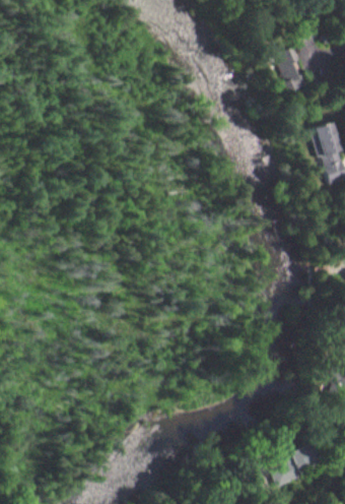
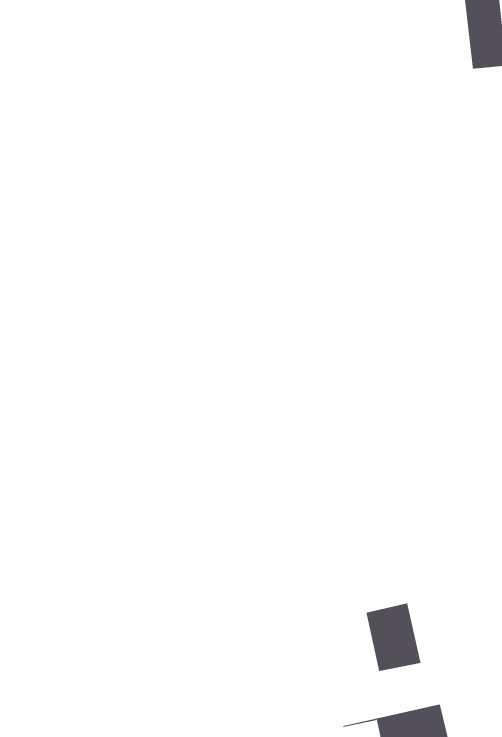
building: none -> [366,603,421,672]

